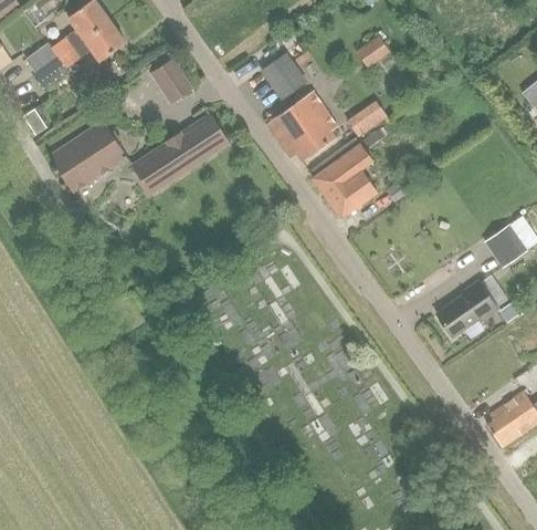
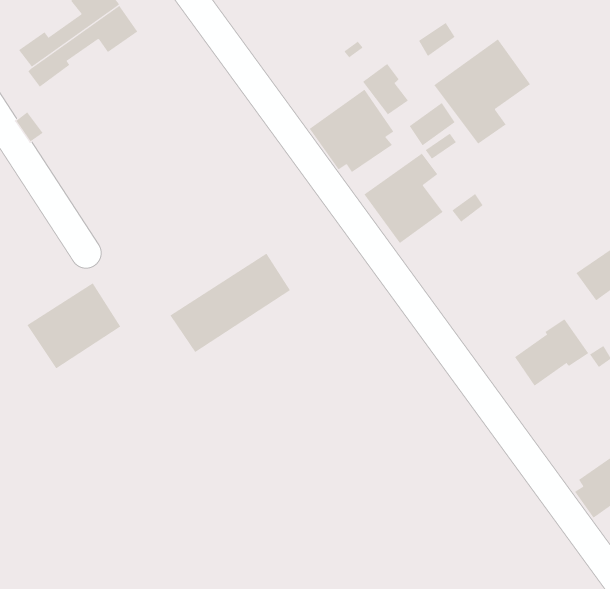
building: none -> [433,39,531,145]
building: [260,56,298,100] -> [362,63,409,115]
building: [150,58,194,104] -> none
building: [130,113,231,196] -> [169,253,291,353]
building: [49,121,127,193] -> [27,282,121,369]

